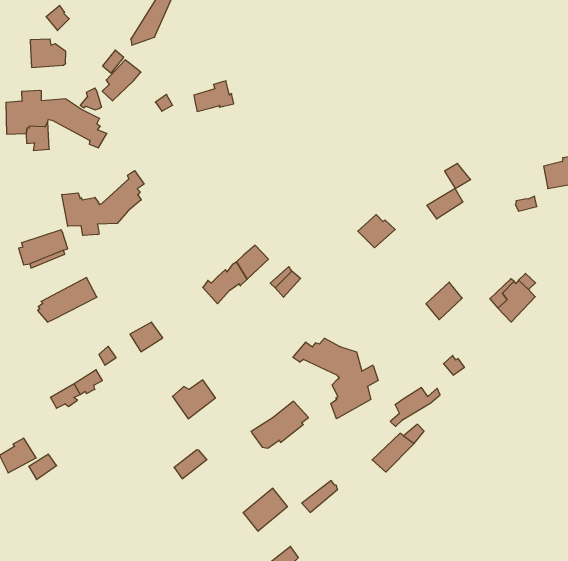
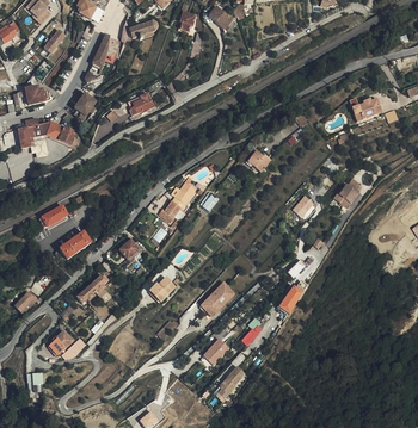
building: [62,171,144,236] -> none
building: [293,338,378,419] -> none

